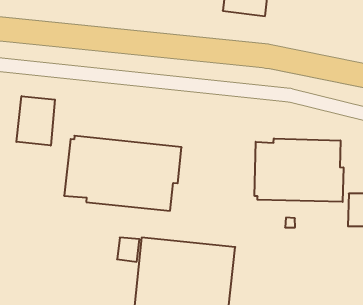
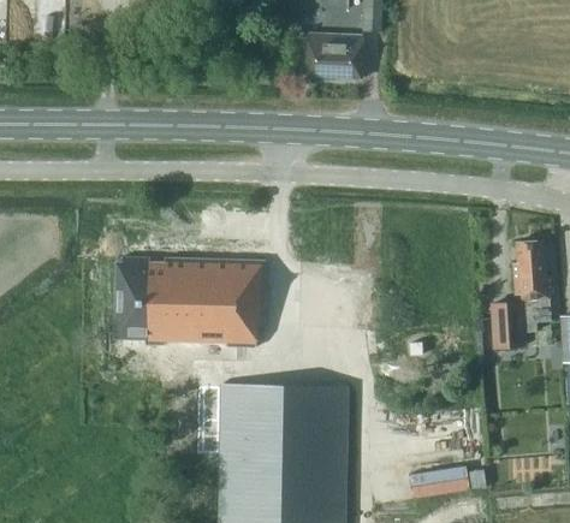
building: [16,96,55,146] -> none
building: [255,138,343,202] -> none

